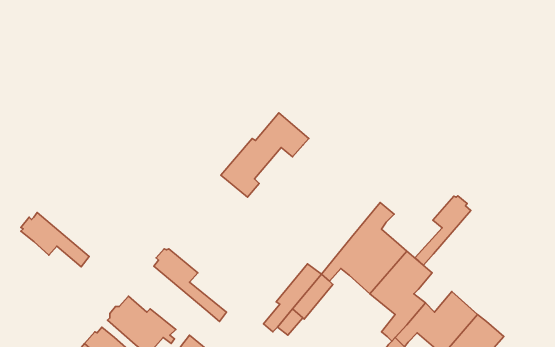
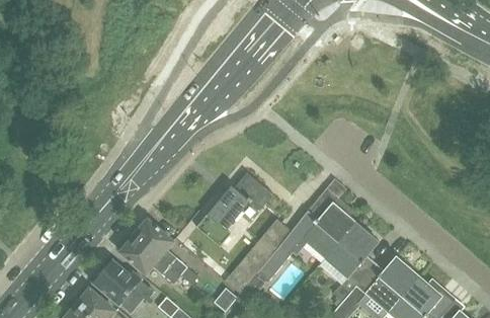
building: [221,113,309,197] -> [197,171,274,245]
building: [415,196,471,265] -> none
building: [21,213,89,267] -> [121,235,181,283]

